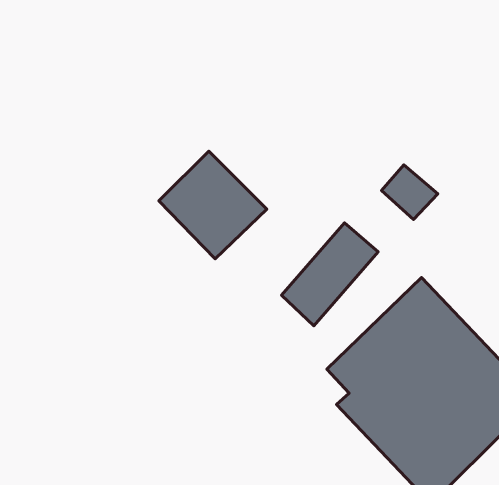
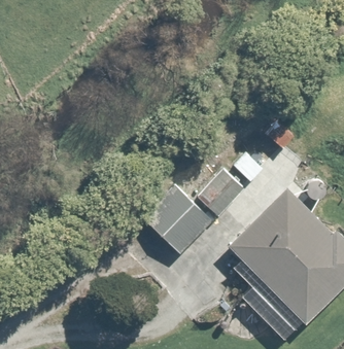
building: [159,151,267,259] -> [143,187,212,256]

